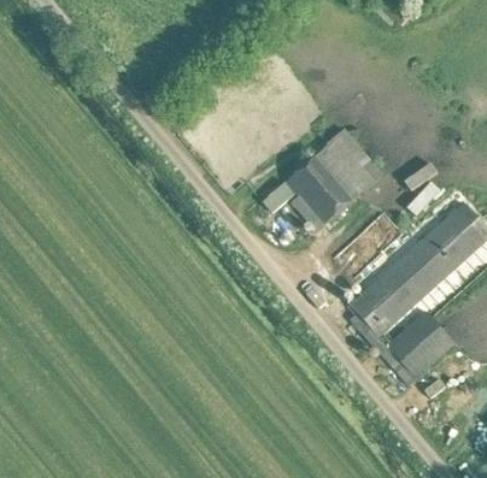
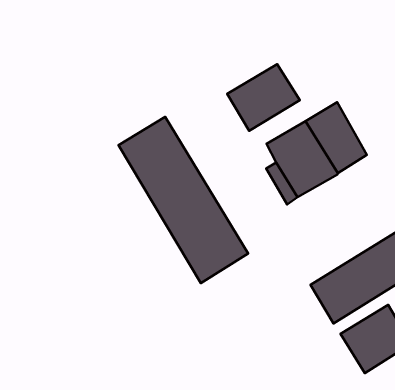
building: none -> [227,64,300,131]
building: none -> [118,117,248,283]

